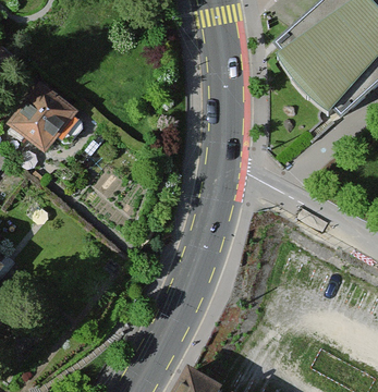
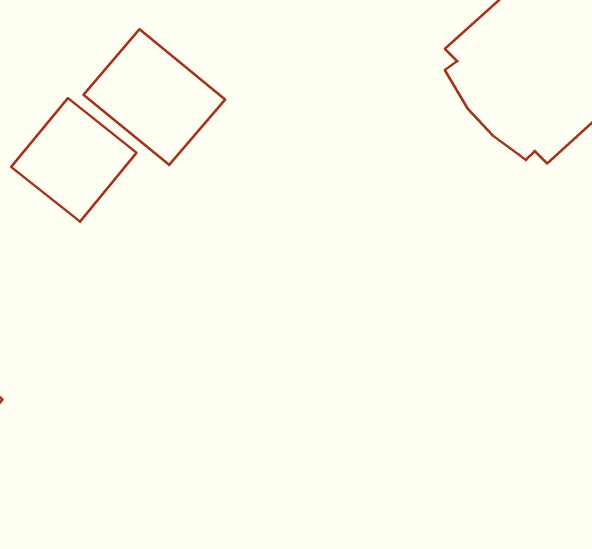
building: none -> [84,29,225,165]

